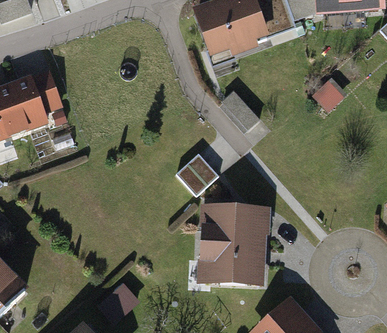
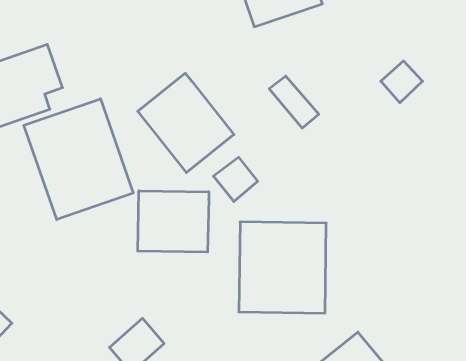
building: none -> [138,73,234,173]
building: none -> [24,99,133,220]
building: none -> [138,191,209,252]

